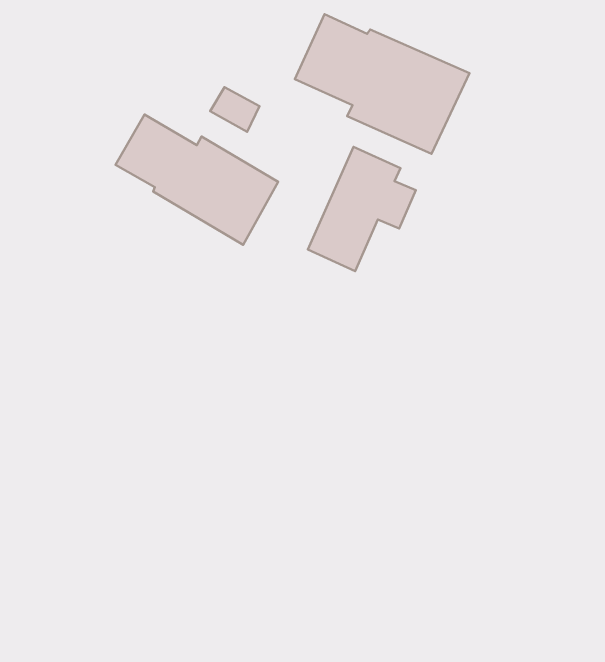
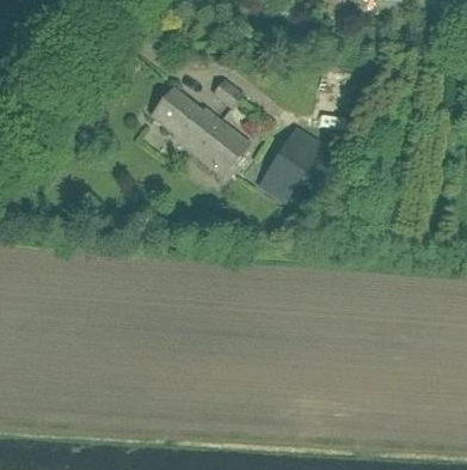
building: [295,14,470,154] -> none

